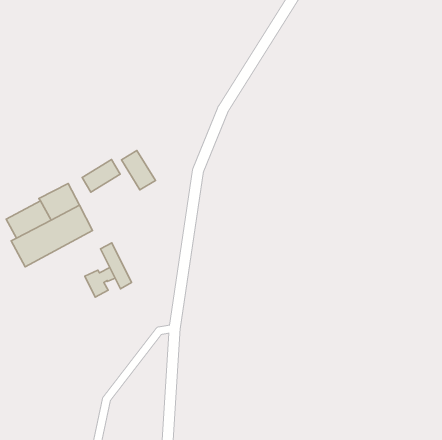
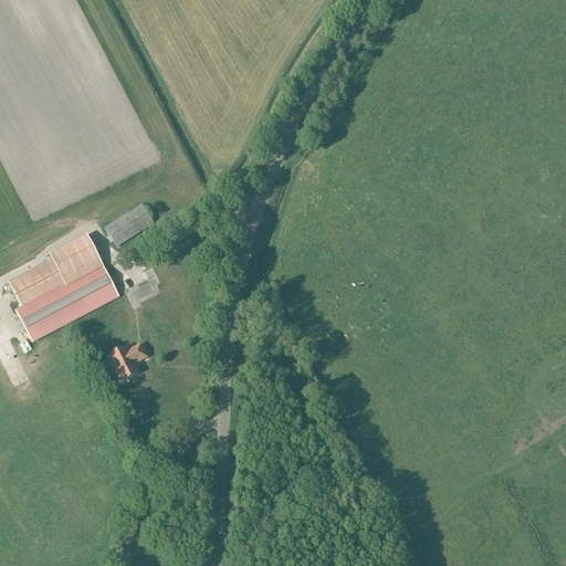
building: [121,151,155,190] -> none
building: [101,243,132,289] -> none

